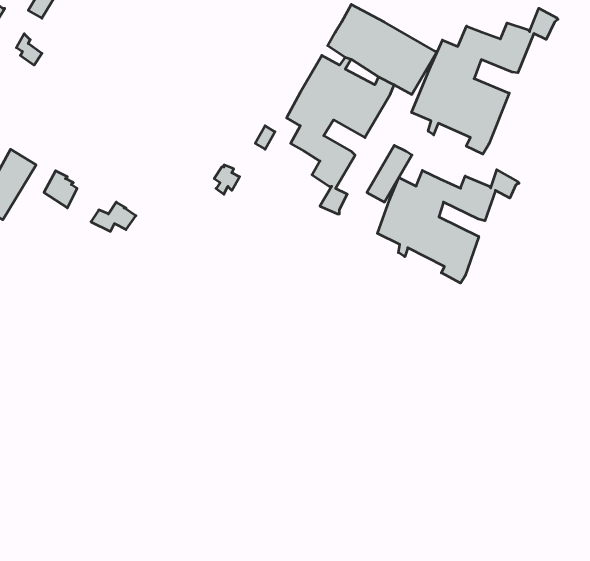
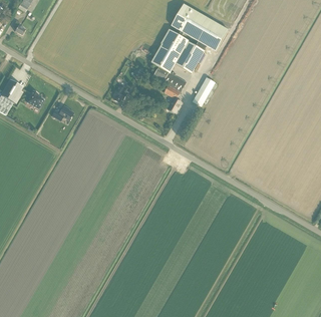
building: [412,8,558,154] -> none
building: [377,170,519,283] -> none

